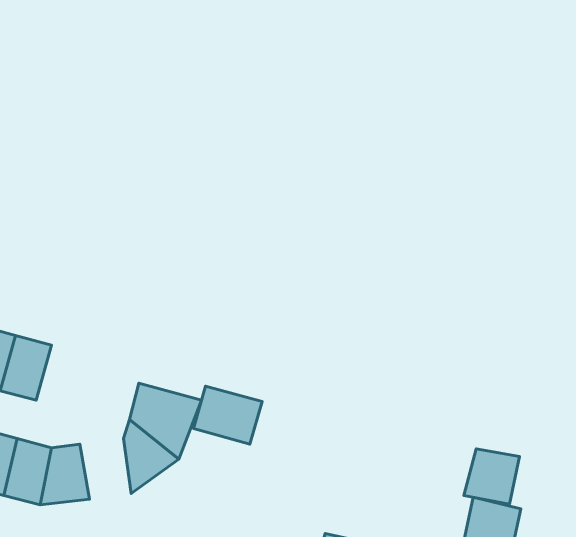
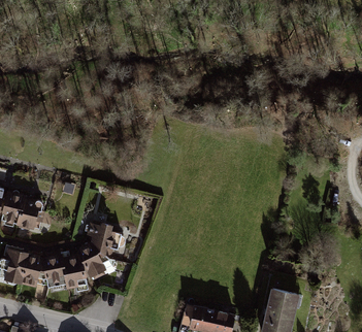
building: [194,386,262,444] -> none
building: none -> [60,253,88,286]
building: [464,449,519,504] -> none

